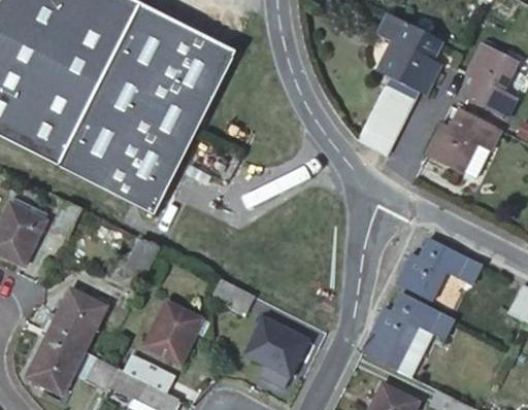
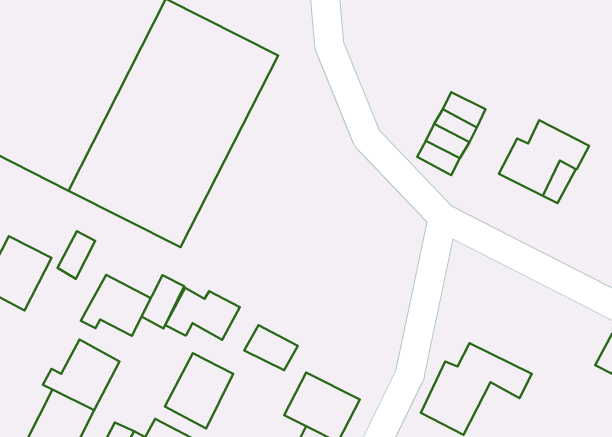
building: [378,12,441,92] -> none
building: [466,40,516,113] -> none
building: none -> [81,275,151,336]
building: [393,239,482,303] -> none
building: none -> [165,288,240,340]

